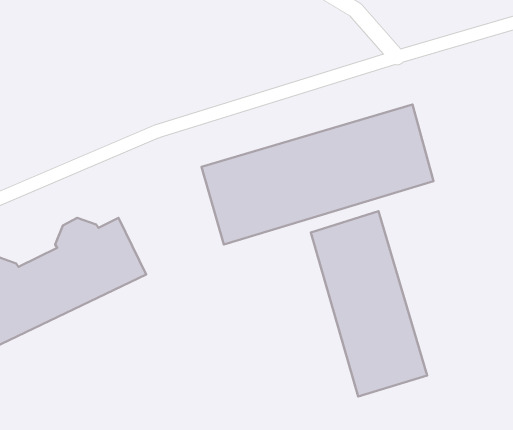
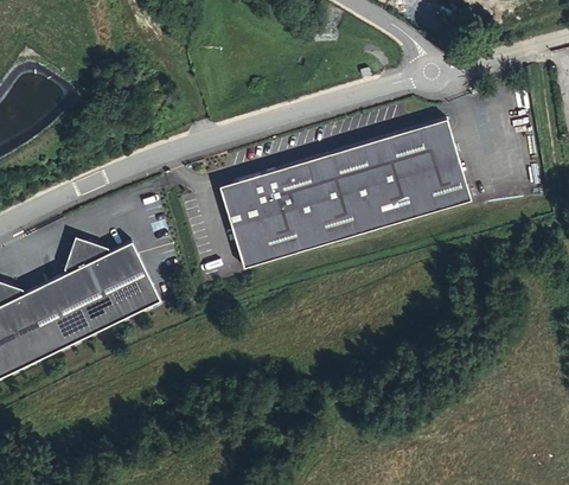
building: [311,211,427,396] -> none

